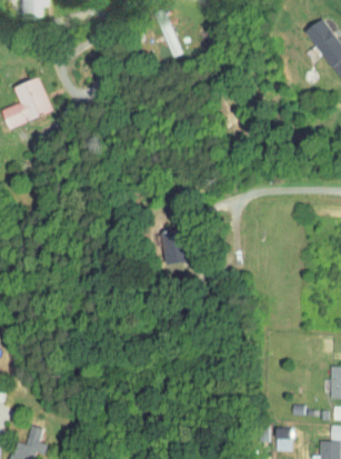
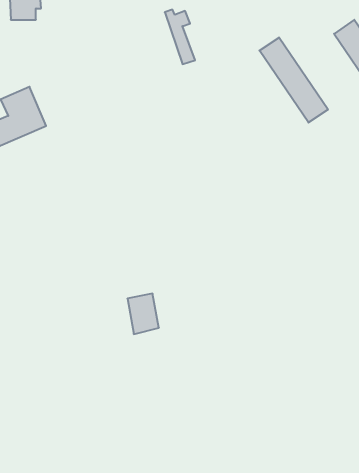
building: none -> [259,37,328,123]
building: [162,232,190,268] -> [127,294,159,334]

